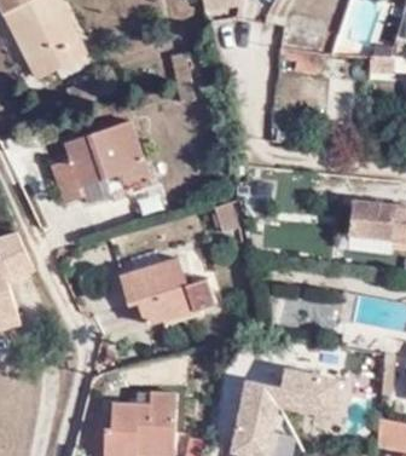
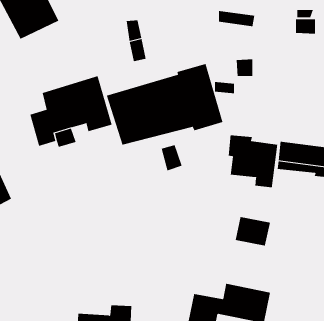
building: none -> [106,63,223,146]
building: none -> [228,134,278,188]
building: [118,262,216,331] -> none

